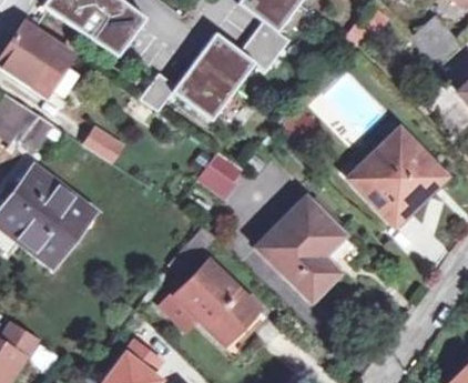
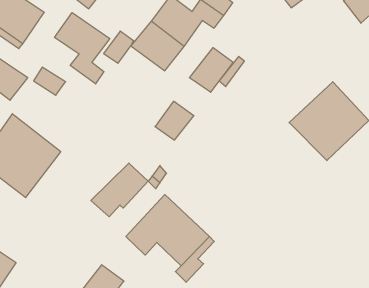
building: none -> [55,13,110,84]
building: none -> [189,48,233,92]
building: [257,198,344,300] -> none
building: none -> [91,163,148,217]

